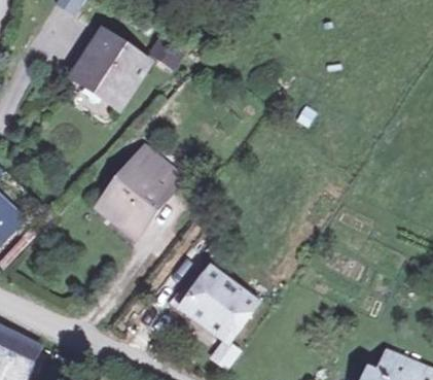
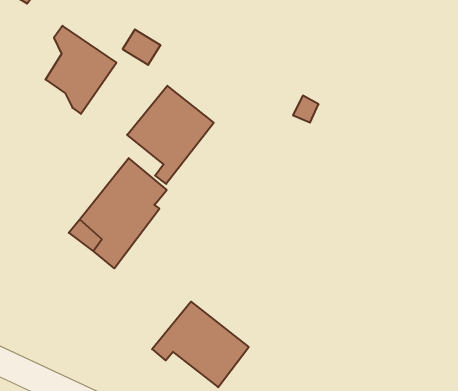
building: [66,45,106,106] -> none
building: none -> [127,86,214,184]

